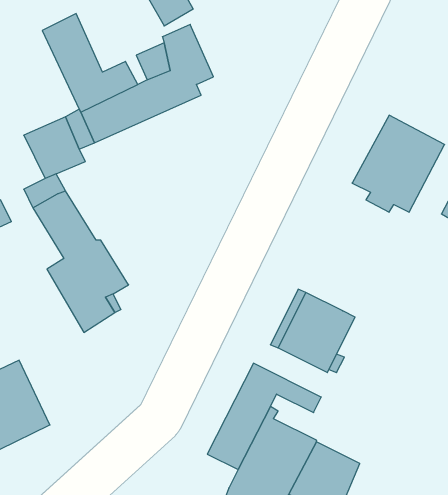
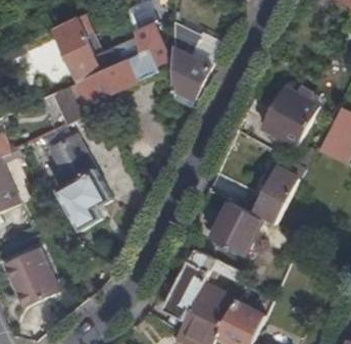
building: none -> [172,24,219,98]
building: none -> [252,153,302,224]

